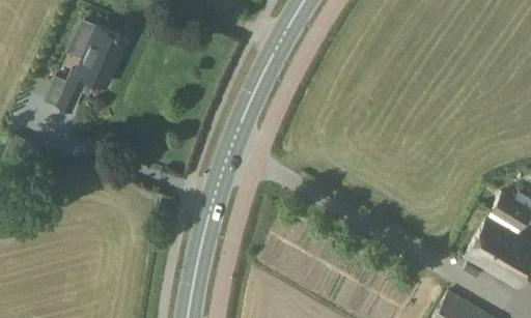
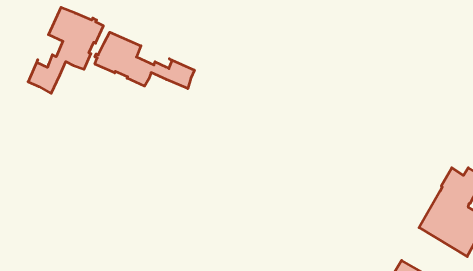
building: none -> [95,32,194,89]

